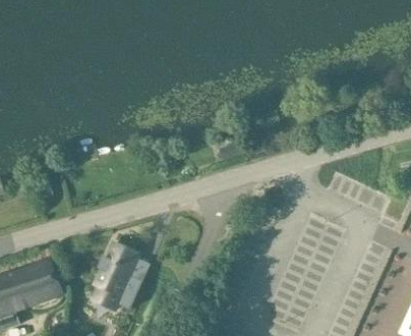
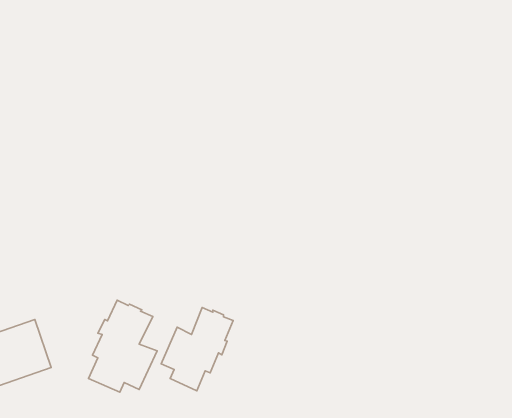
building: none -> [161,307,233,391]

